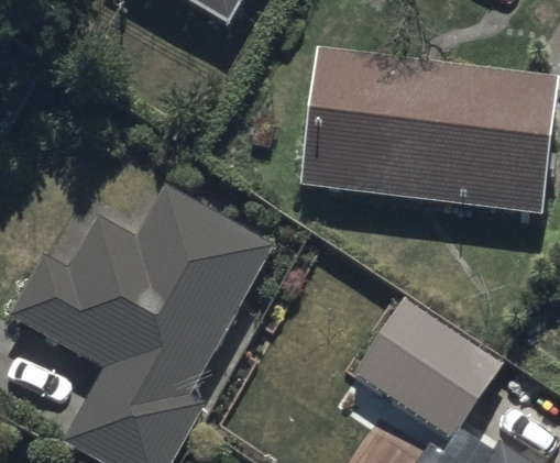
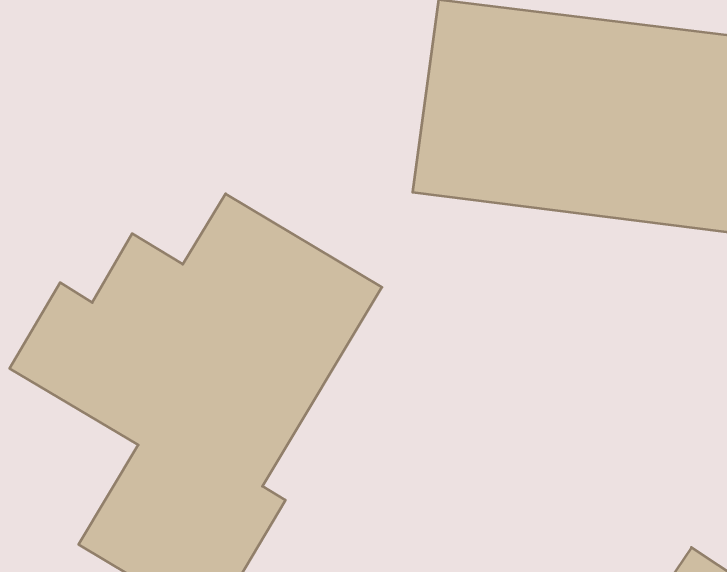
building: [355,299,502,438] -> none

